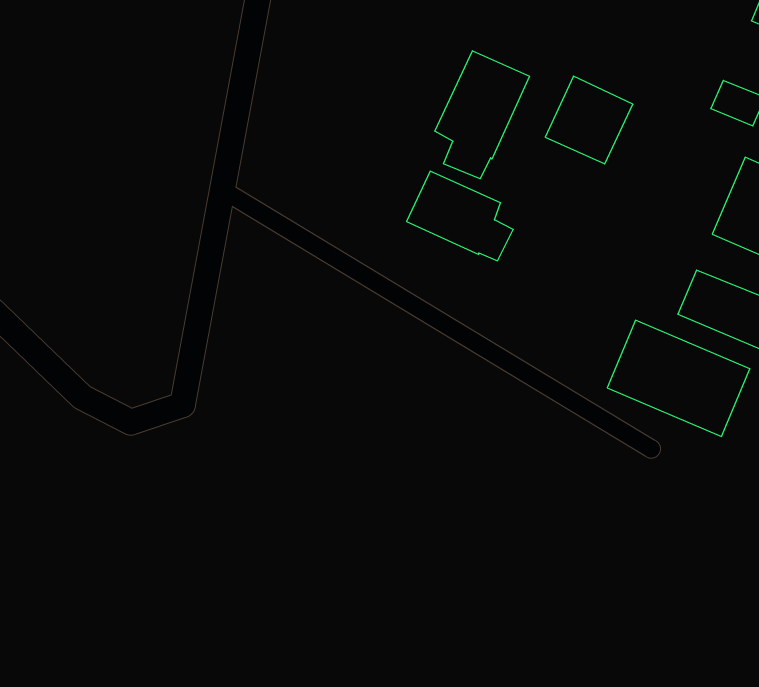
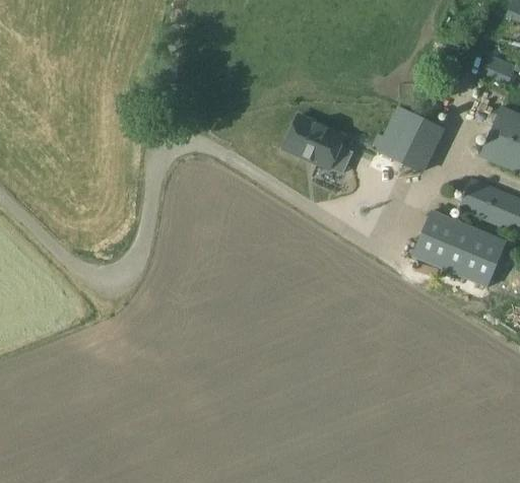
building: [435,51,530,179] -> none
building: [545,76,633,164] -> [381,114,438,170]

